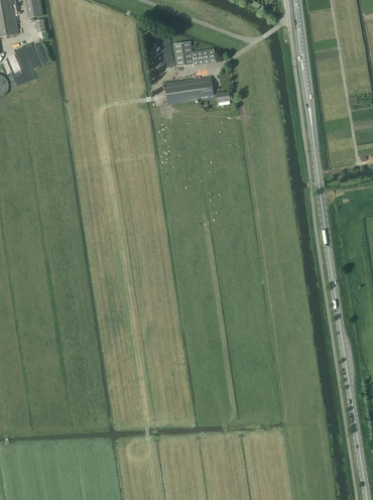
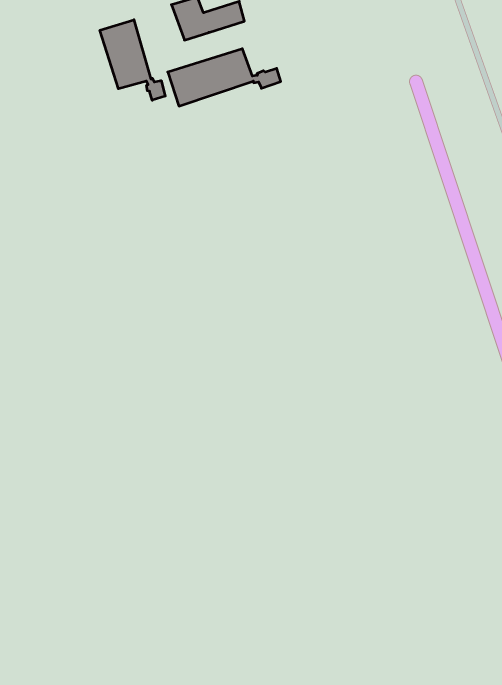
building: none -> [100,20,165,100]

